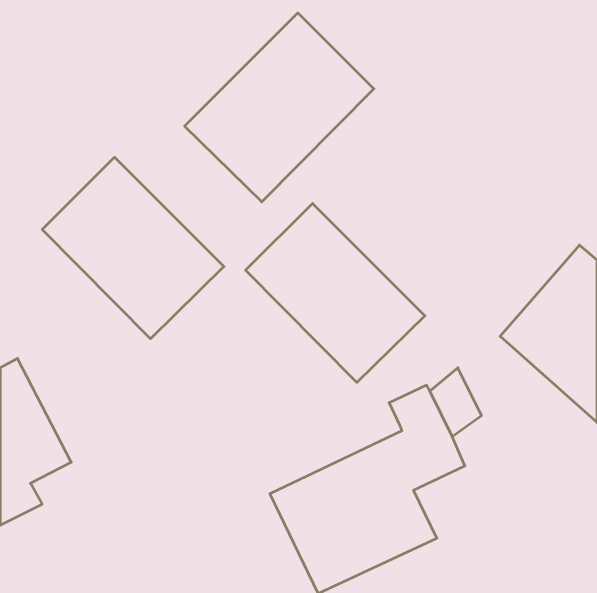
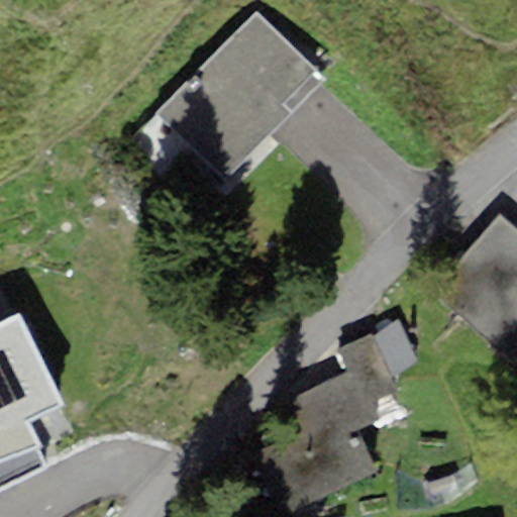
building: [42,157,224,339] -> none
building: [246,203,425,382] -> none

